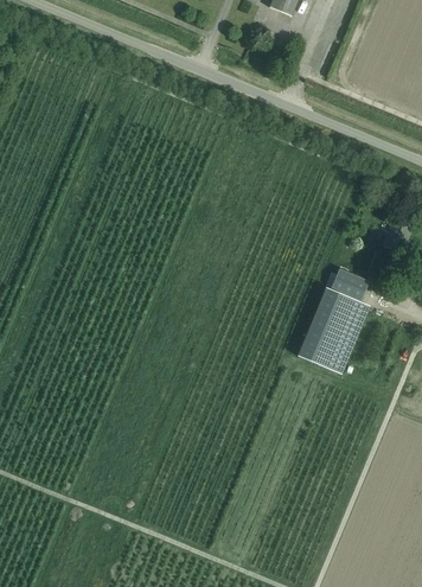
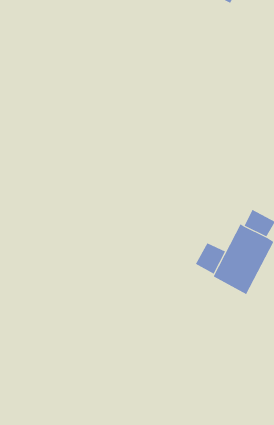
building: none -> [195,242,226,274]

